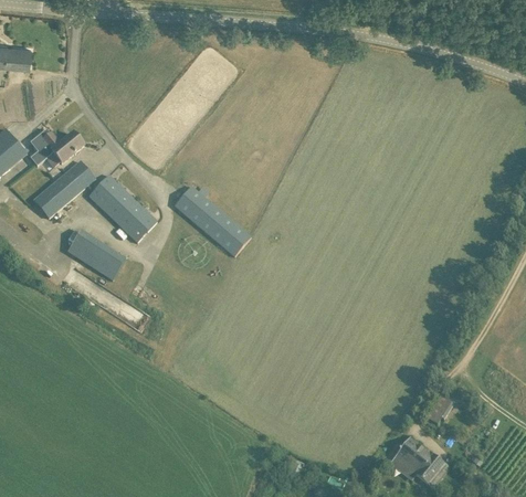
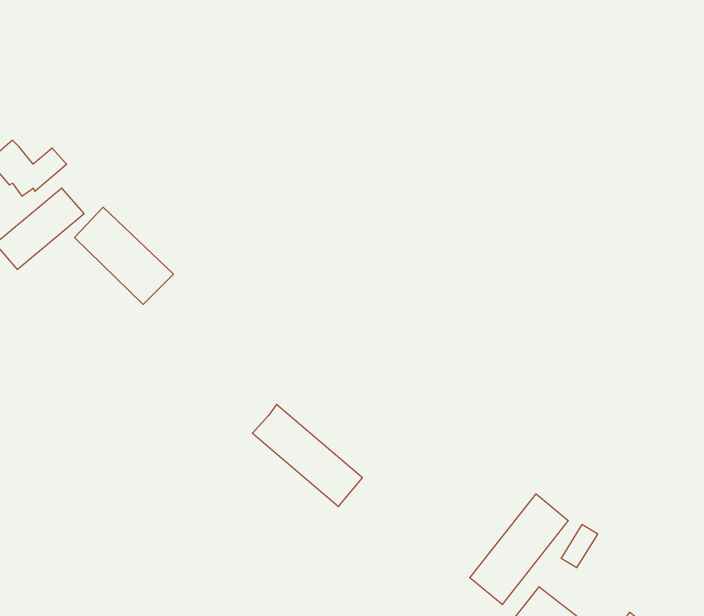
building: [173,186,250,256] -> [252,404,362,507]
building: [66,231,126,279] -> none
building: none -> [470,494,568,605]

